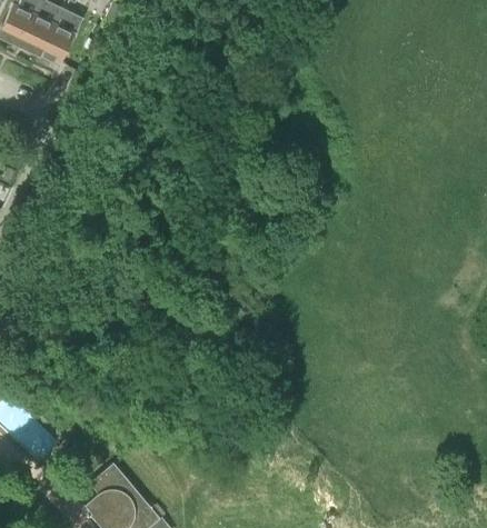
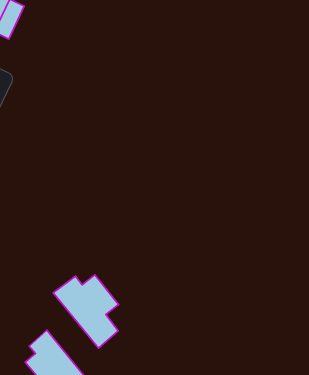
building: none -> [53,275,118,348]

